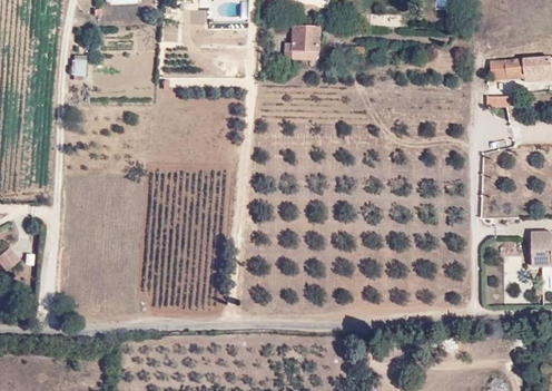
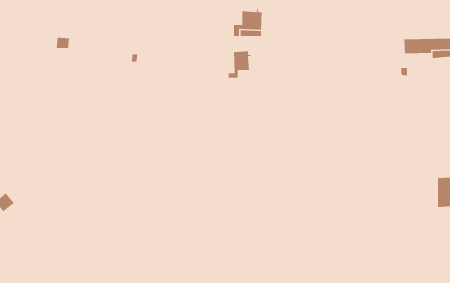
building: none -> [228,51,251,79]

